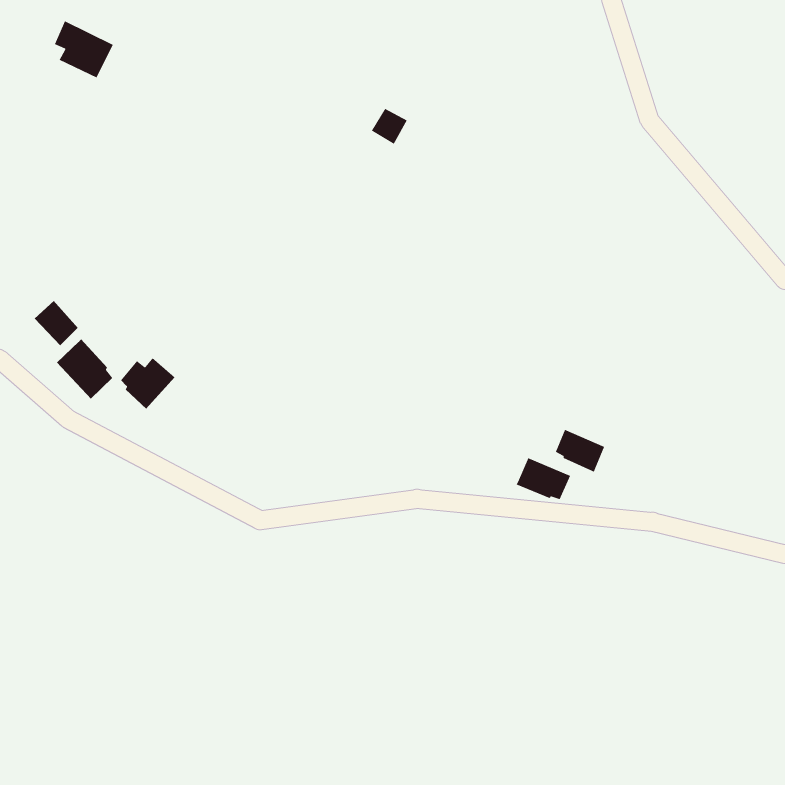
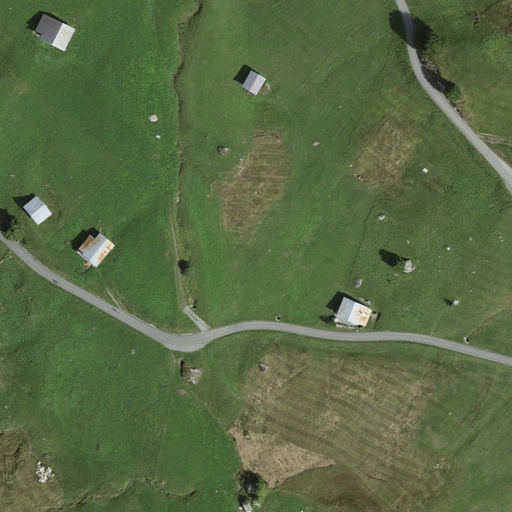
building: [56,338,113,399] -> none
building: [555,429,605,473] -> none

